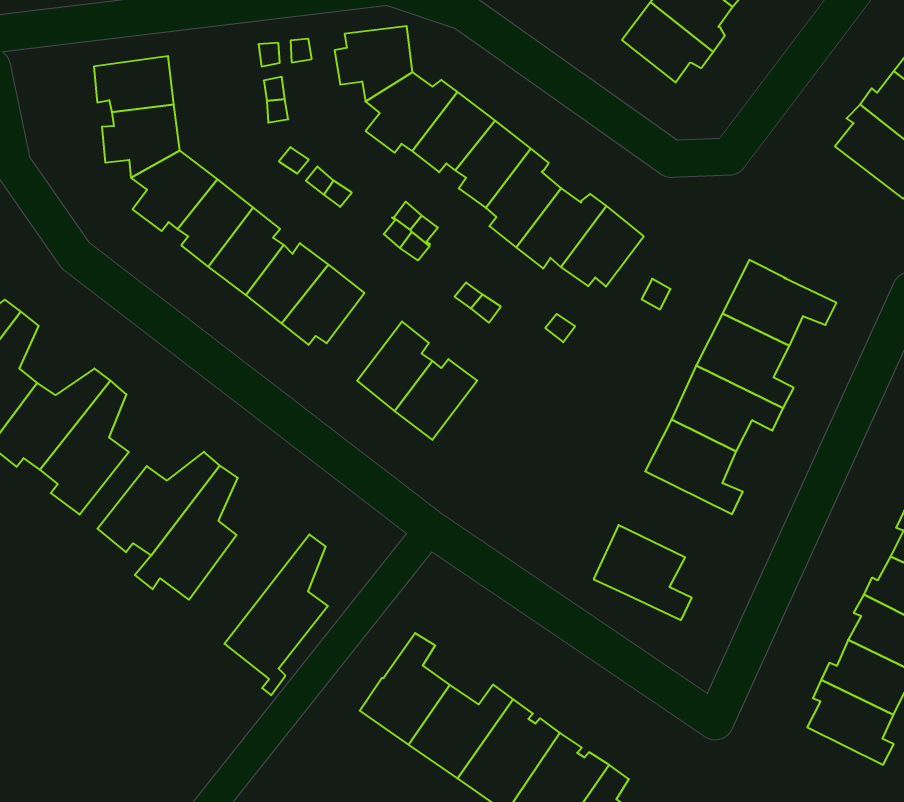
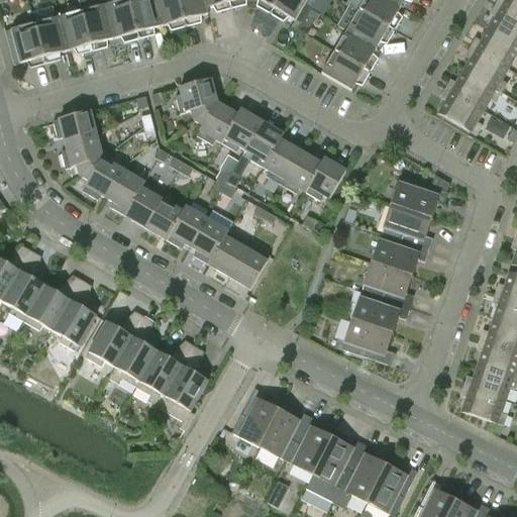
building: none -> [190,217,227,263]
building: none -> [351,290,409,331]
building: none -> [136,339,194,406]

